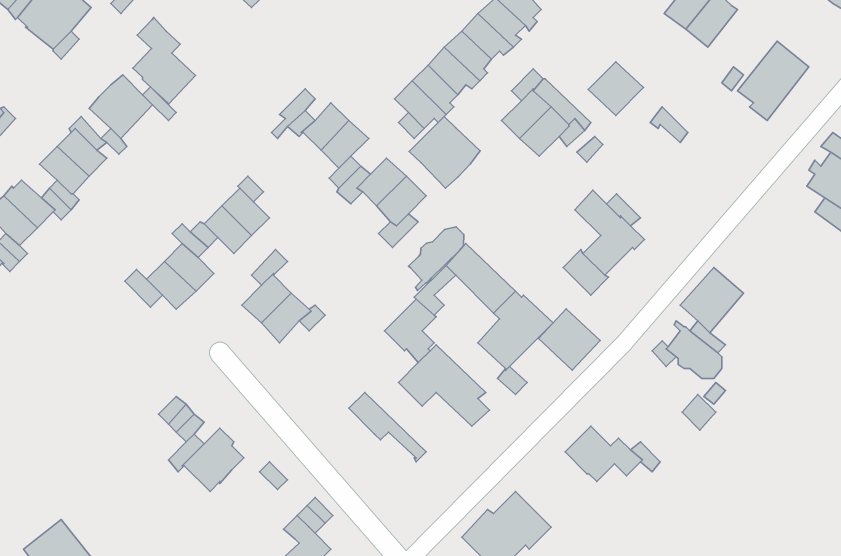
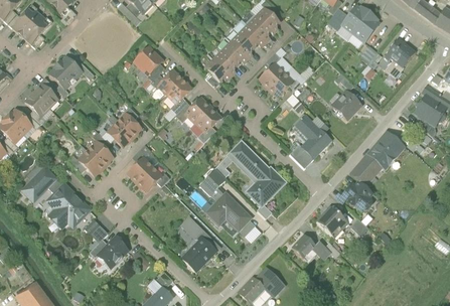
building: [133,18,196,104] -> none
building: none -> [134,47,162,75]
building: [588,62,644,115] -> [332,92,360,119]
building: [409,117,480,188] -> none
building: none -> [366,130,405,170]
building: [408,227,464,291] -> none
building: none -> [22,161,90,227]
building: [539,309,600,370] -> [316,206,347,238]
building: none -> [182,238,215,272]

